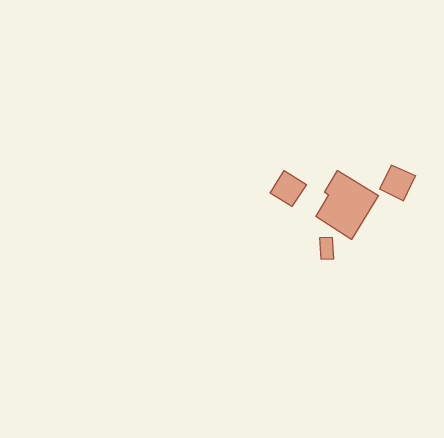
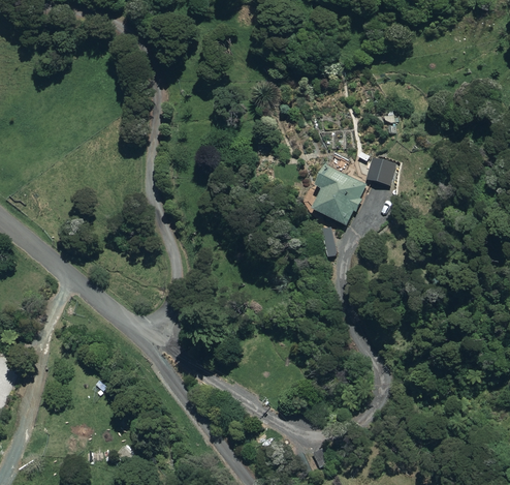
building: [270,170,306,206] -> none

